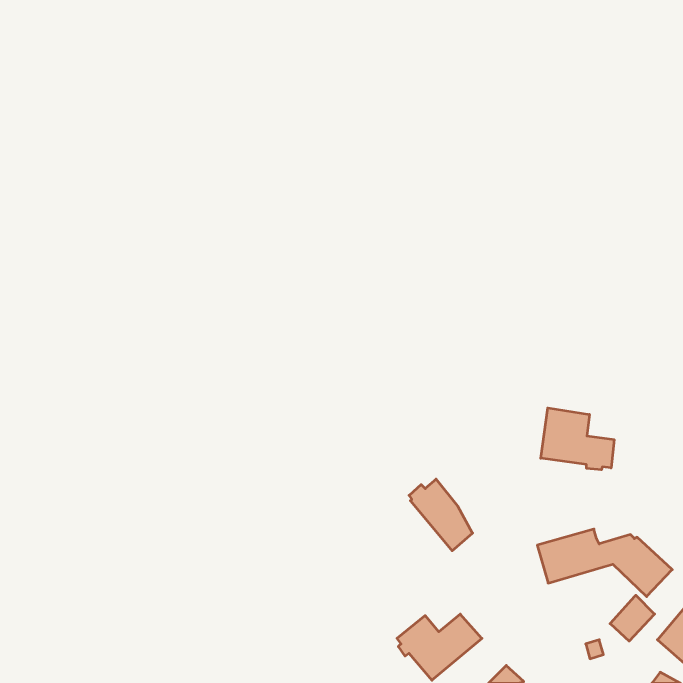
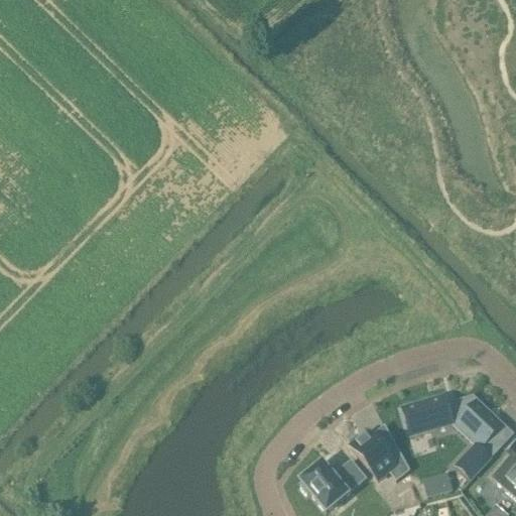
building: [541,408,614,470] -> none
building: [409,479,473,551] -> [351,427,398,481]

